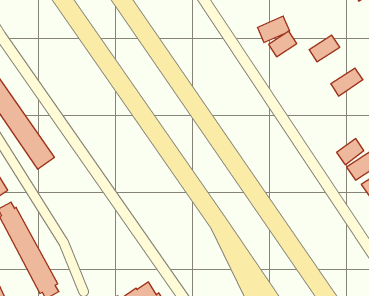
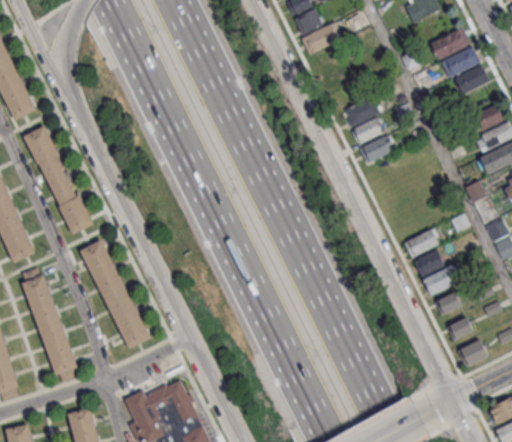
building: [309,35,340,62] -> [359,135,394,163]
building: [331,68,363,96] -> [403,228,440,257]
building: none -> [79,240,150,348]

